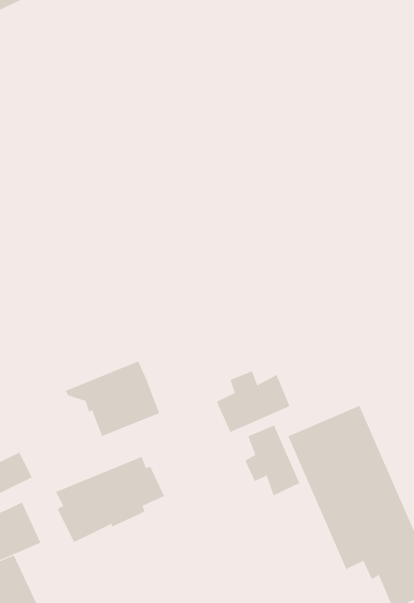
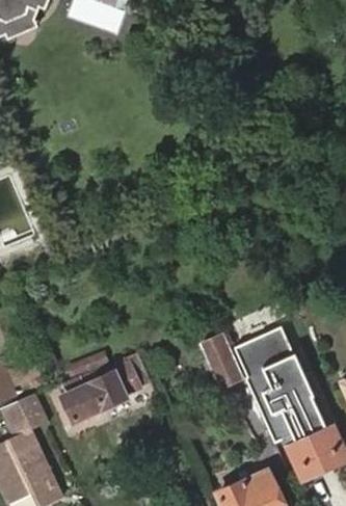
building: [65,360,160,437] -> none
building: [216,370,290,433] -> none

